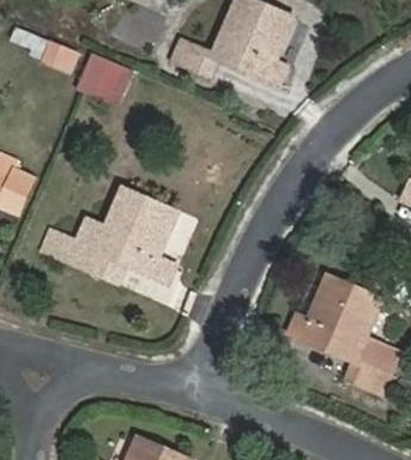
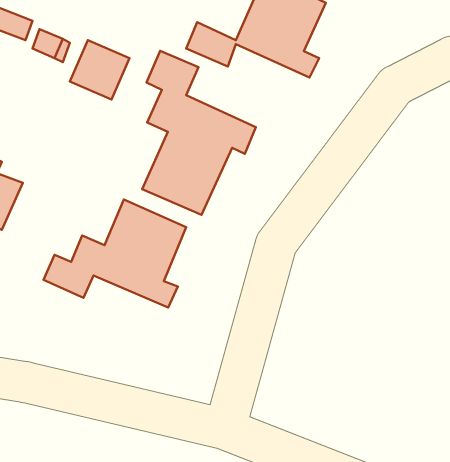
building: none -> [142,51,256,215]
building: [285,274,398,393] -> none

